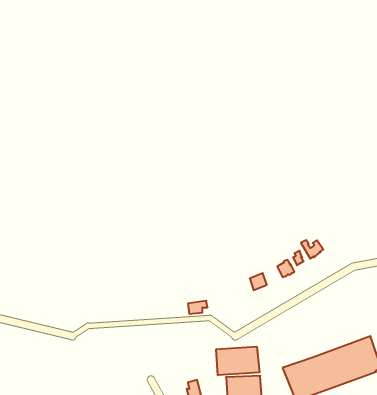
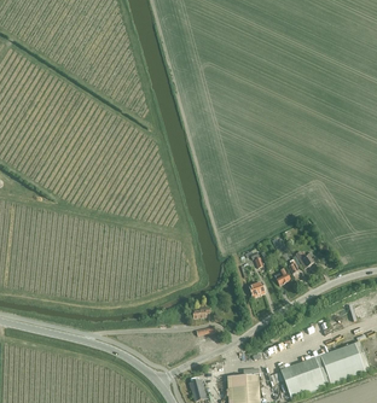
building: [216,347,260,375] -> none

